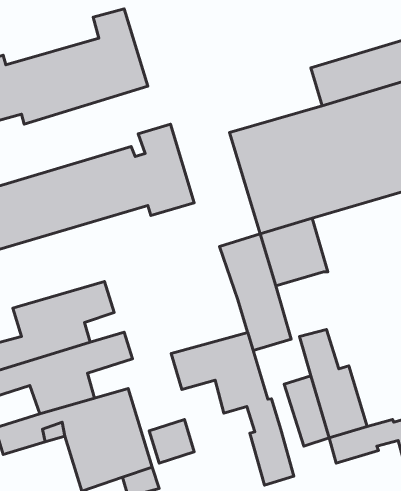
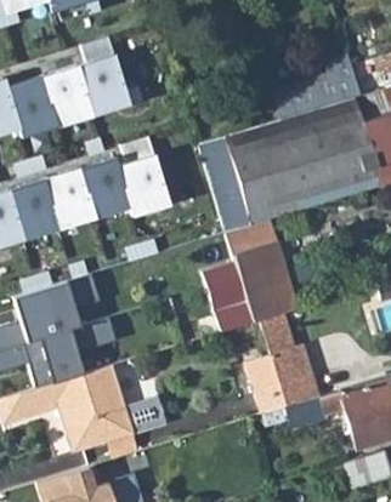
building: none -> [240,263,299,323]
building: [171,332,294,485] -> none

